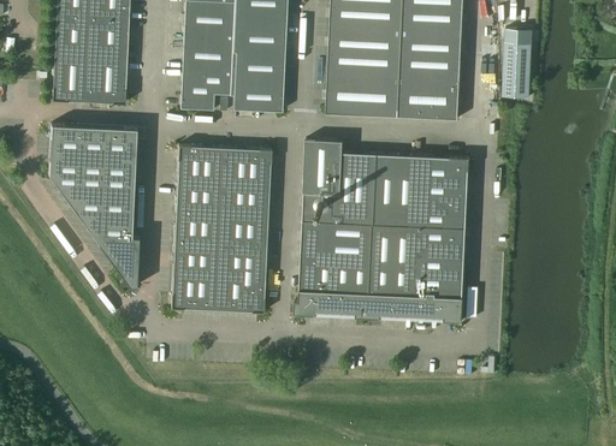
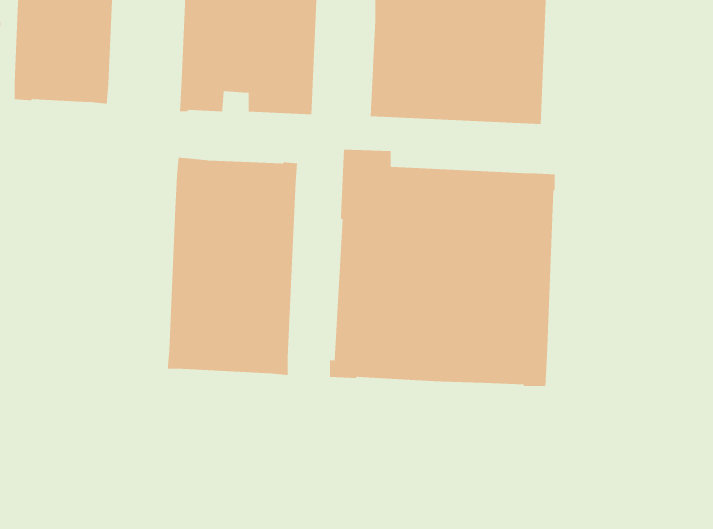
building: [503,42,531,97] -> none
building: [48,124,148,286] -> none

